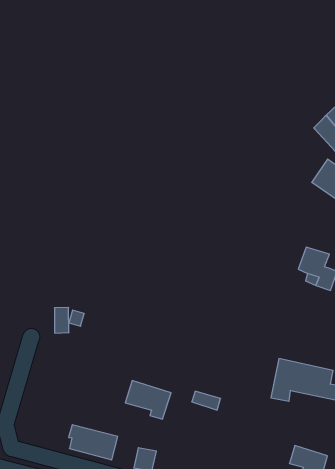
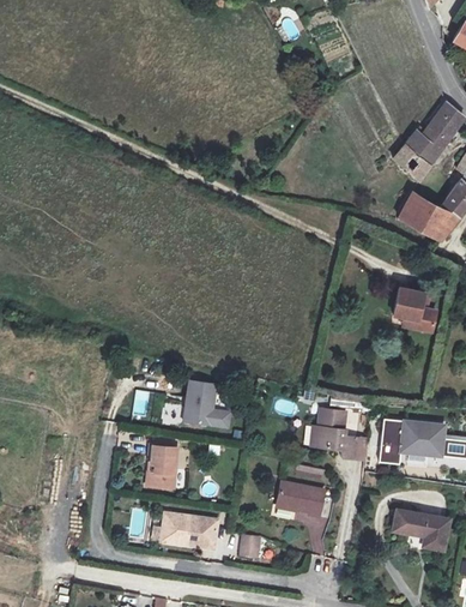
building: none -> [186,383,217,426]
building: none -> [309,409,357,462]
building: none -> [151,443,178,486]
building: [125,381,171,419] -> [279,479,328,517]

